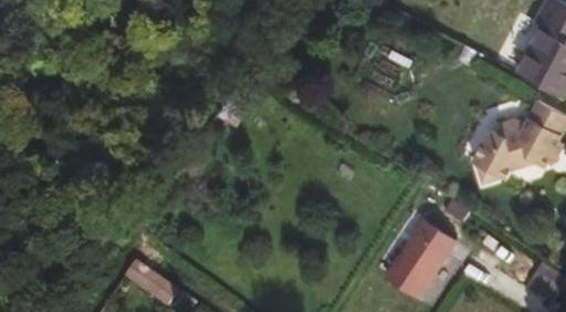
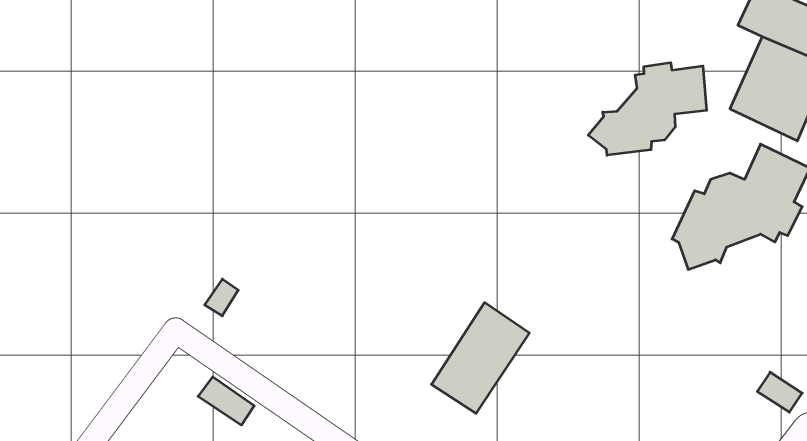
building: none -> [588,63,707,155]
building: [392,215,460,291] -> [431,303,529,413]

